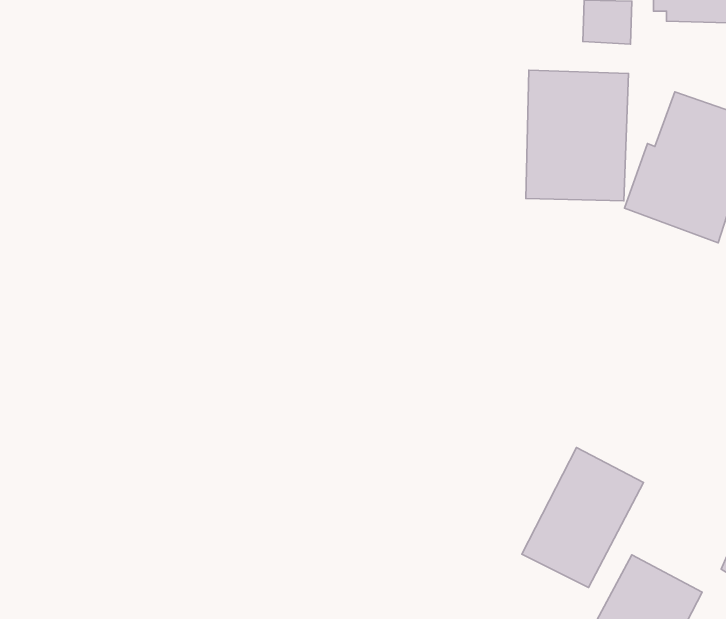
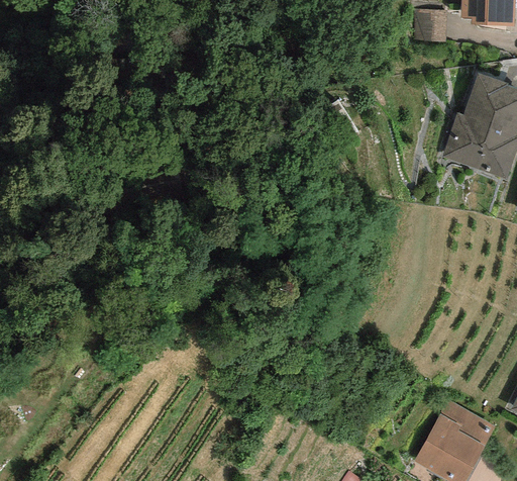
building: [526,70,629,201] -> none
building: [522,448,643,588] -> none

